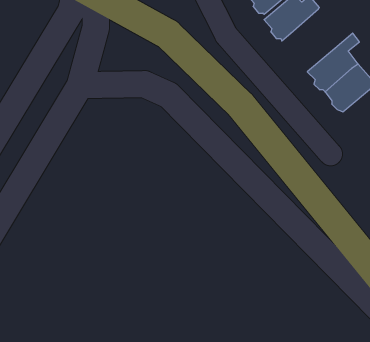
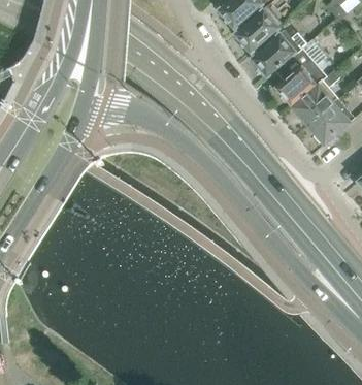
building: none -> [278,46,320,105]

